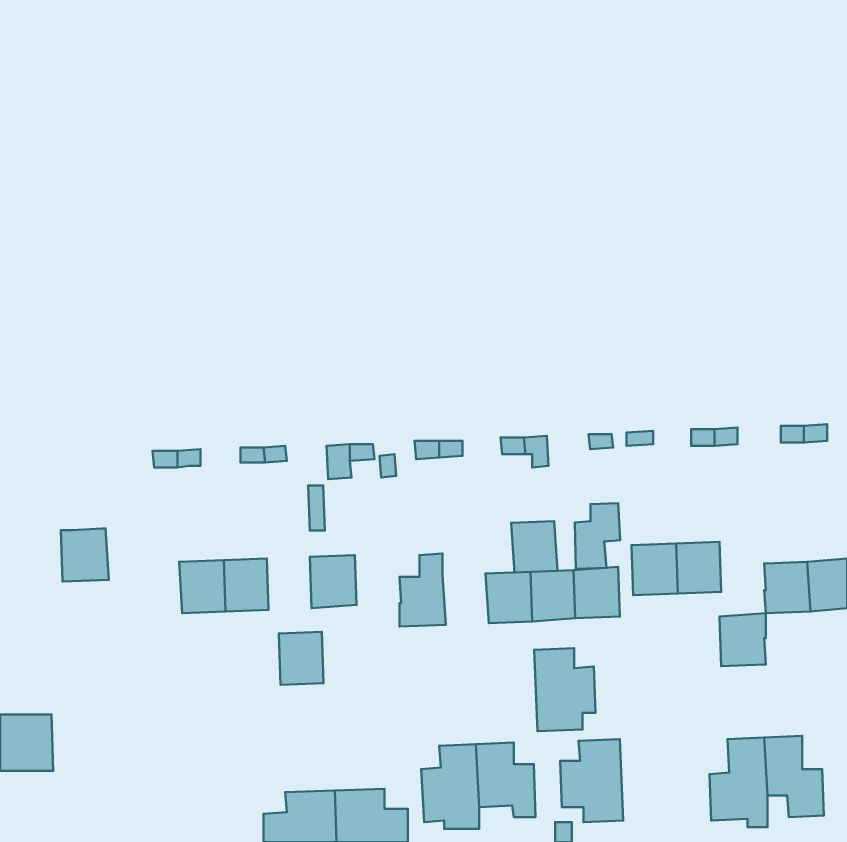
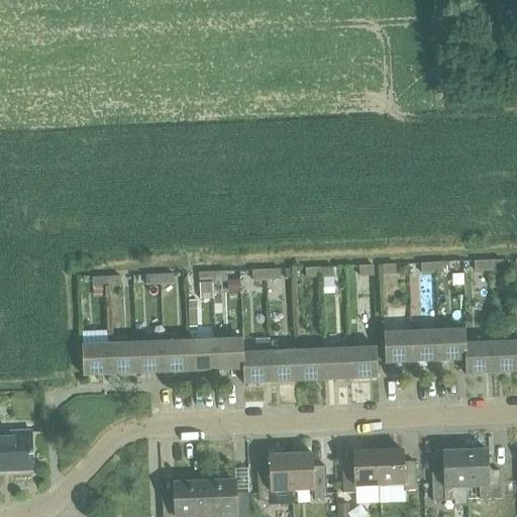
building: [575,503,620,569] -> none
building: [511,521,558,572] -> [270,349,298,381]
building: [61,529,109,582] -> [82,342,111,375]
building: none -> [216,336,244,369]
building: [719,613,766,666] -> [438,328,467,360]
building: [279,632,324,685] -> [163,339,190,372]
building: [534,648,596,731] -> [378,449,415,500]

